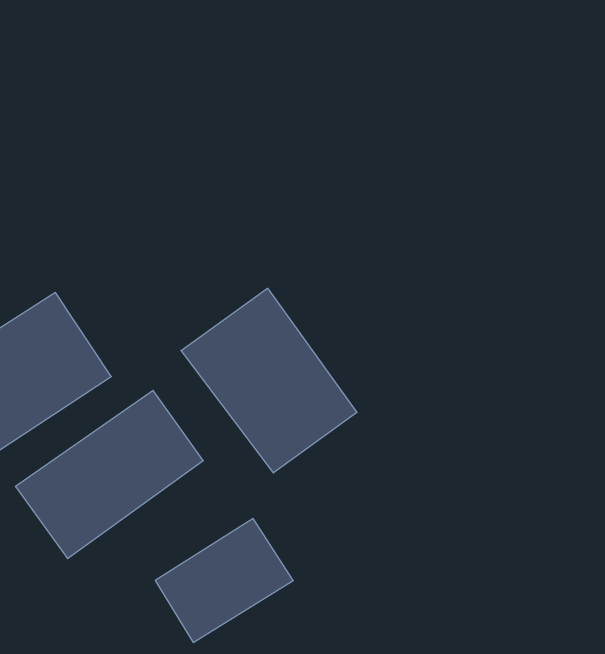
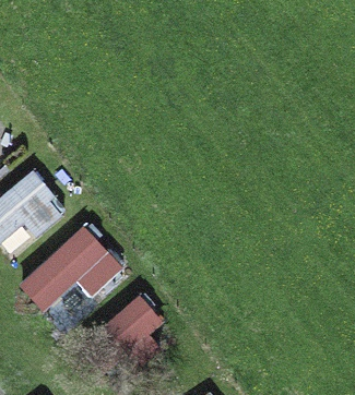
building: [181,288,357,473] -> none

